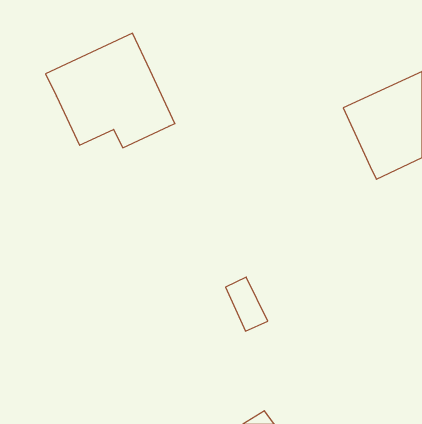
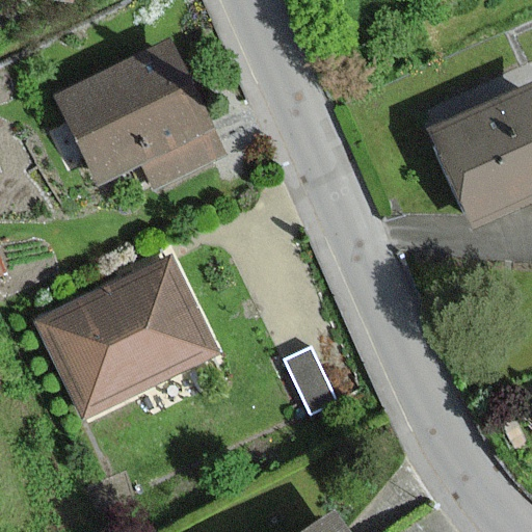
building: none -> [41,262,213,413]

